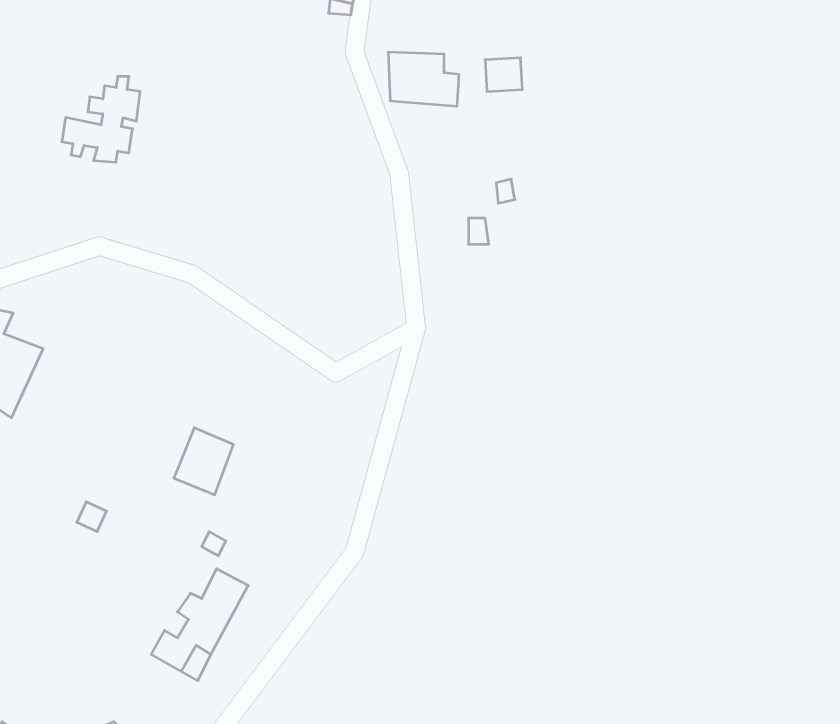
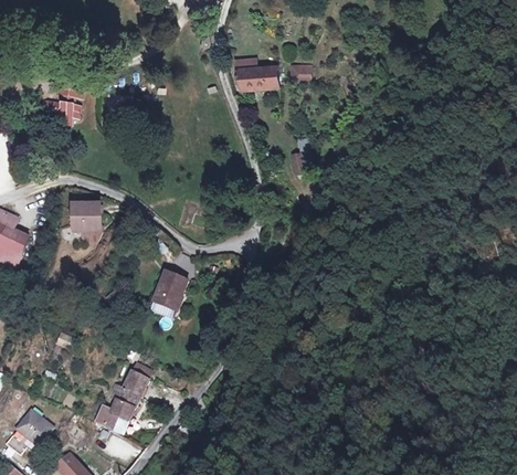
building: none -> [75,204,102,234]
building: [174,428,233,495] -> [154,266,189,306]
building: none -> [23,416,57,447]

